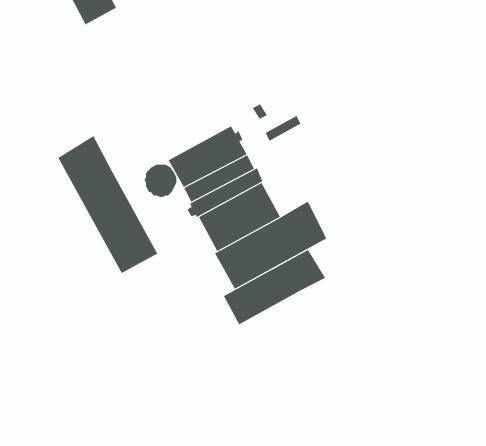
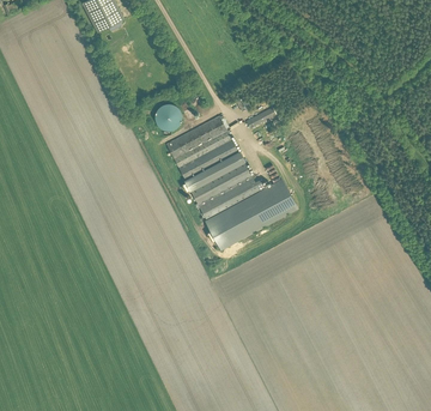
building: [57,135,158,274] -> none
building: [144,164,177,197] -> [154,103,182,131]
building: [223,249,326,325] -> none

